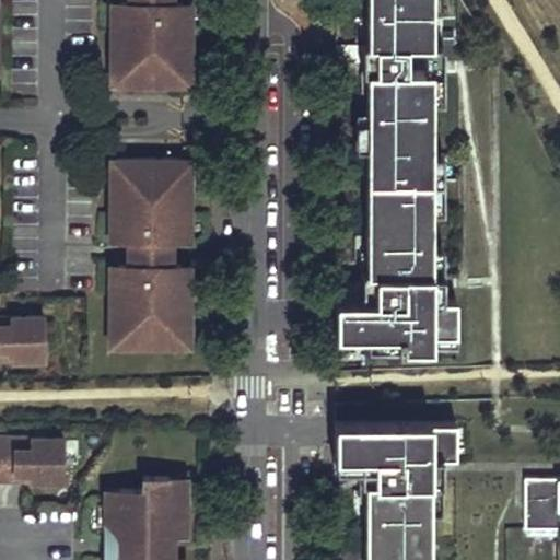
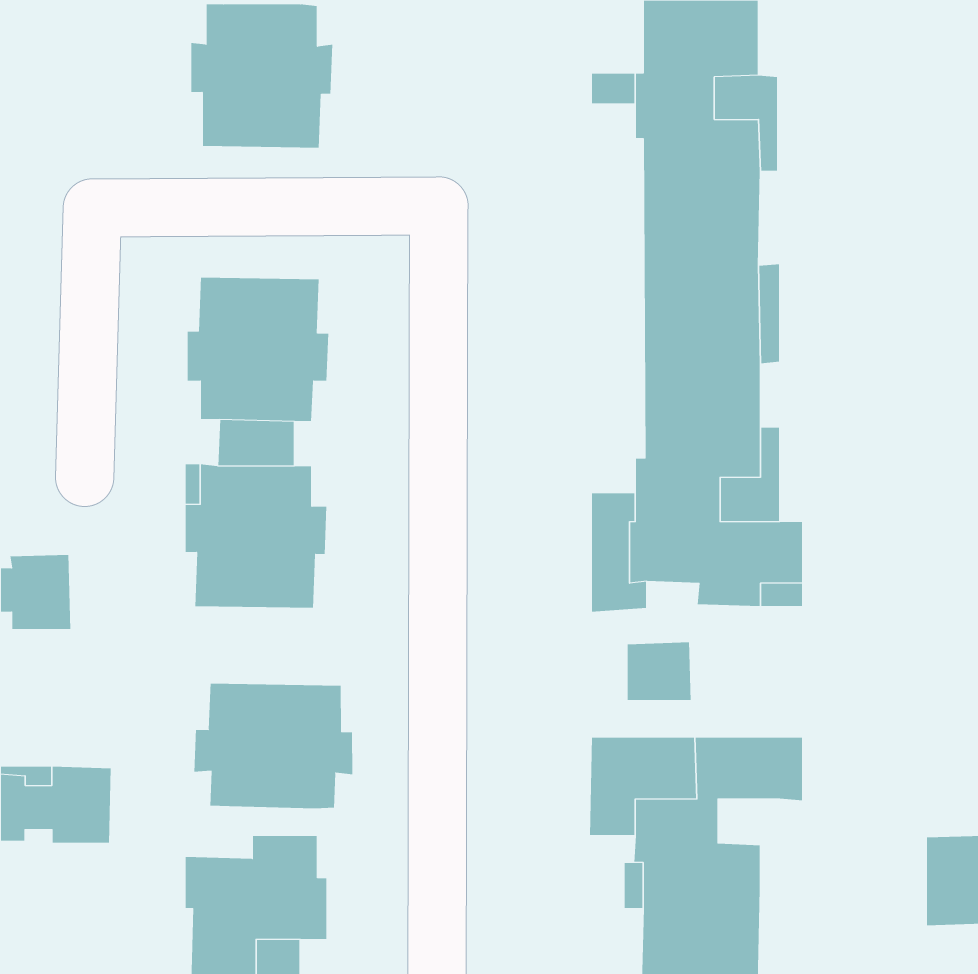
building: none -> [627,641,691,701]
building: none -> [194,683,353,809]
building: [411,459,446,511] -> none

